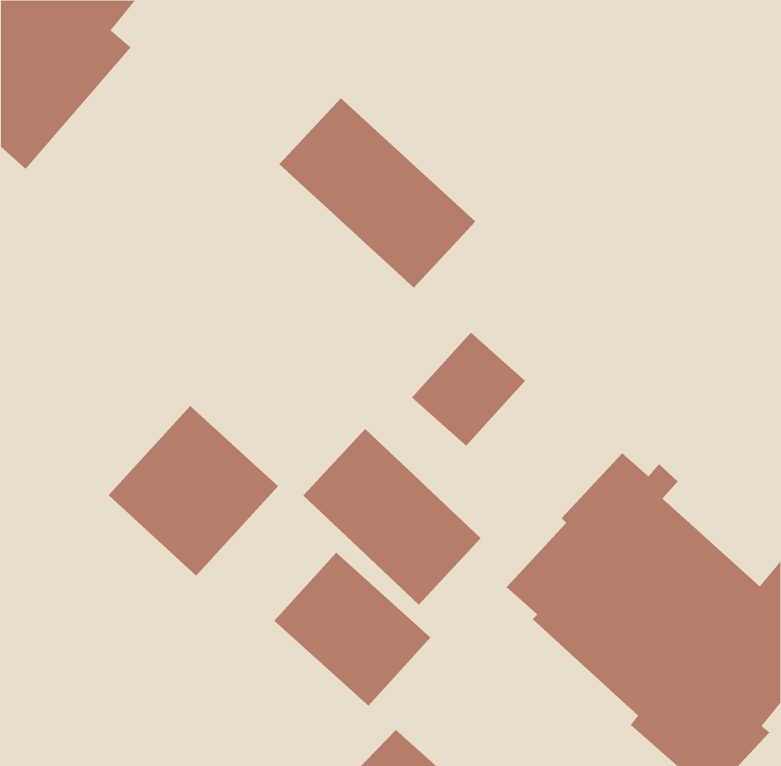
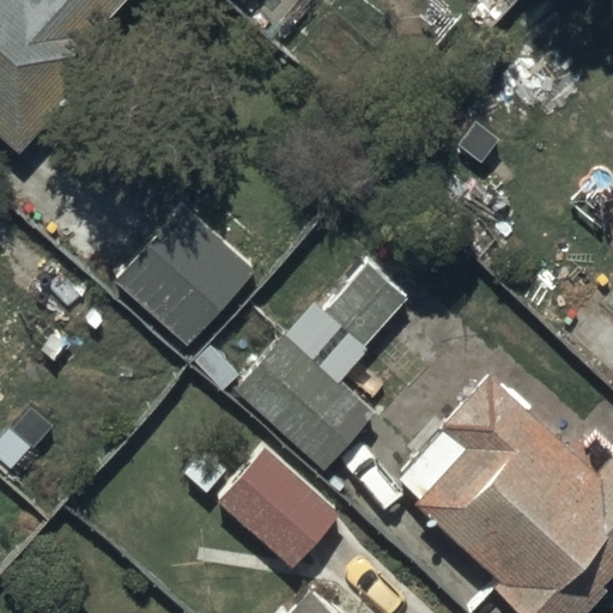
building: [279,98,476,288] -> none
building: [108,405,279,576] -> [115,208,249,342]

